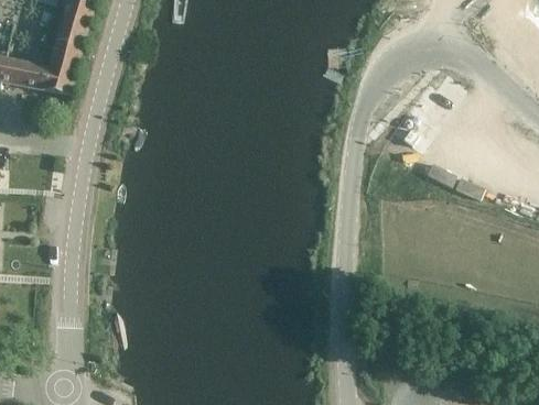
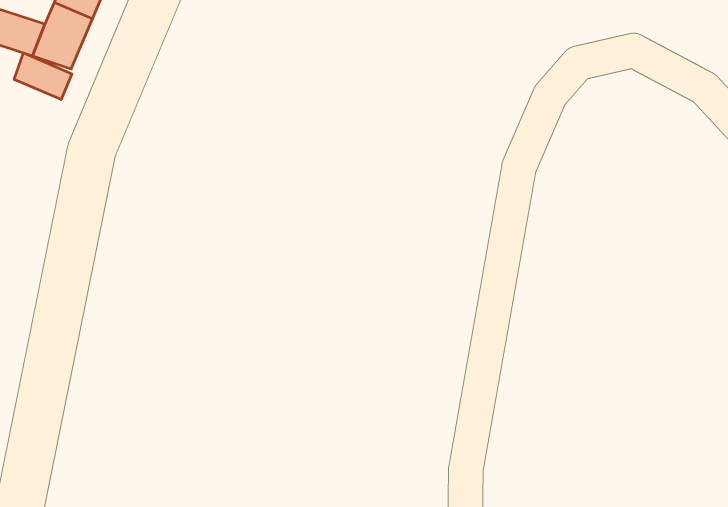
building: none -> [14,53,72,100]

